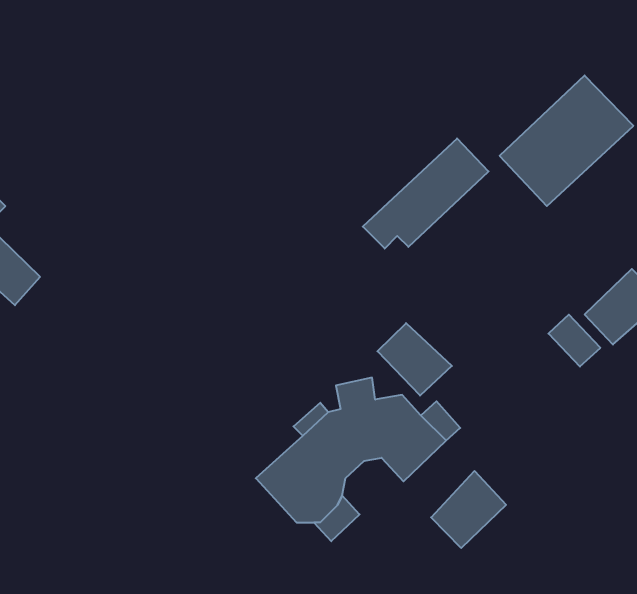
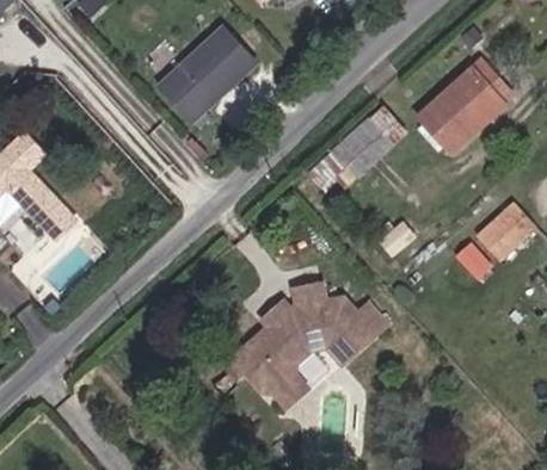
building: none -> [152,25,248,120]
building: [377,323,452,396] -> none
building: [431,471,506,548] -> none

